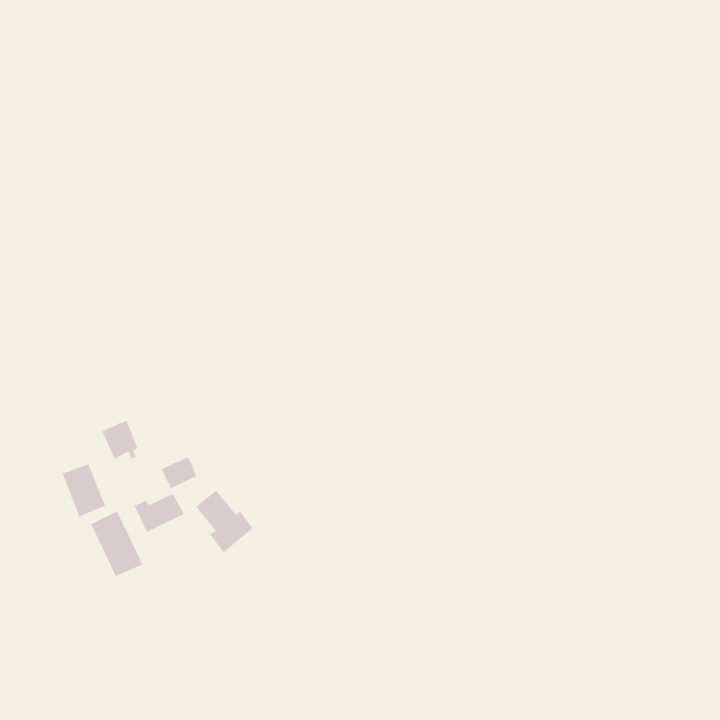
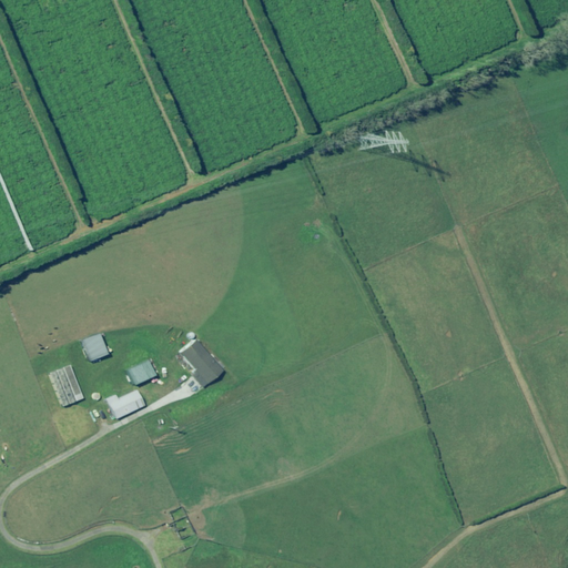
building: [195,490,253,553] -> [179,337,224,387]
building: [91,511,143,577] -> none

